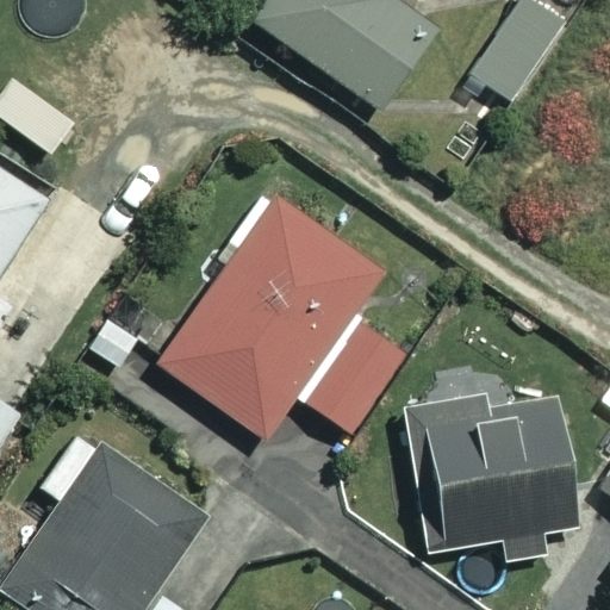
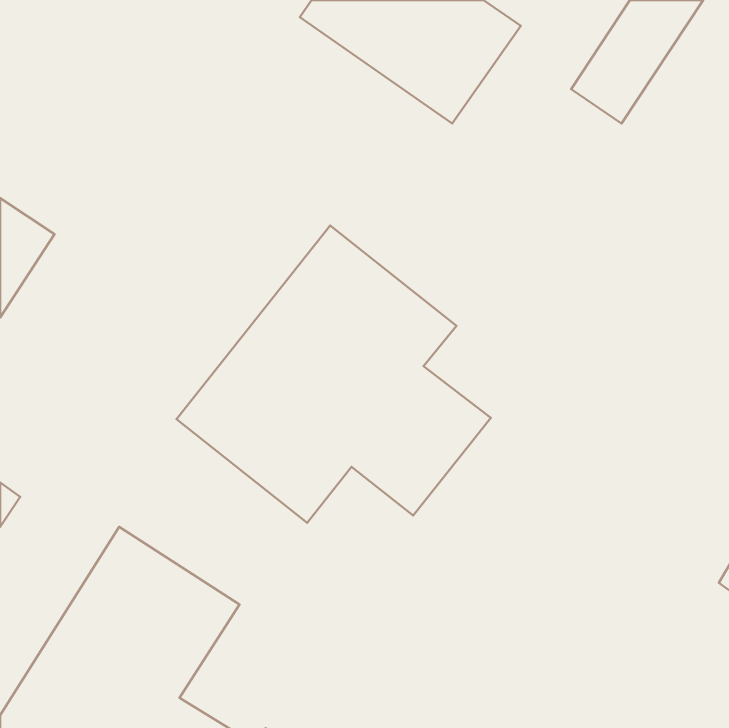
building: [399,386,573,567] -> none

